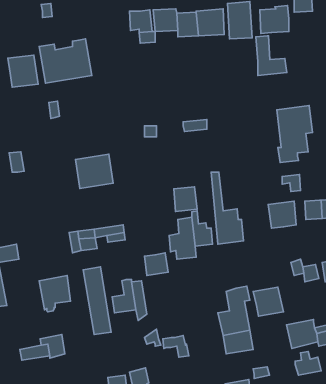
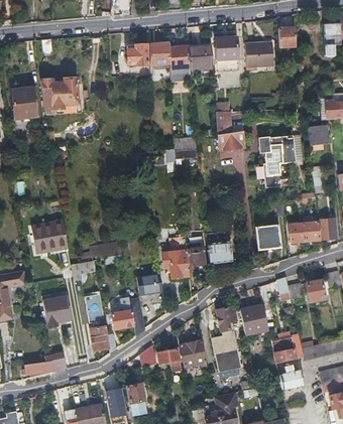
building: [256,36,287,76] -> [217,113,246,150]
building: [76,154,113,188] -> [32,220,68,252]
building: [174,187,197,212] -> none
building: none -> [180,337,207,363]

